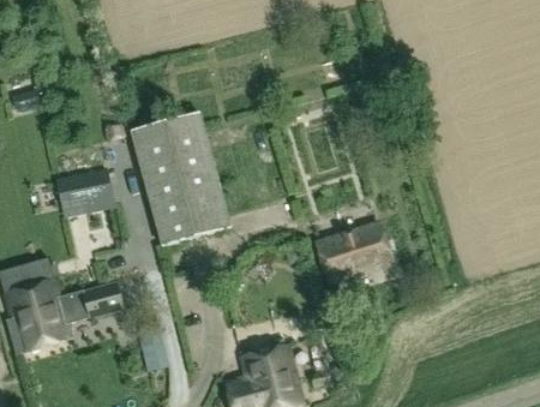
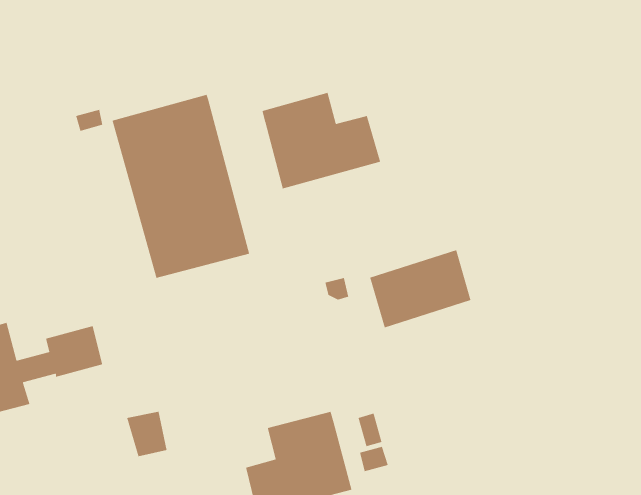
building: none -> [262,92,381,189]
building: [55,166,124,247] -> none

